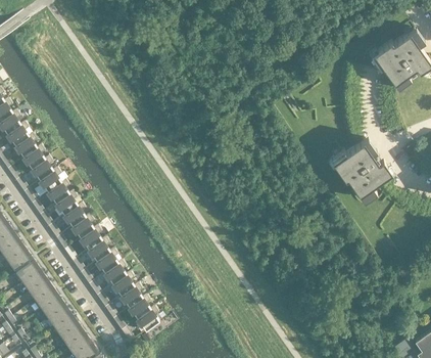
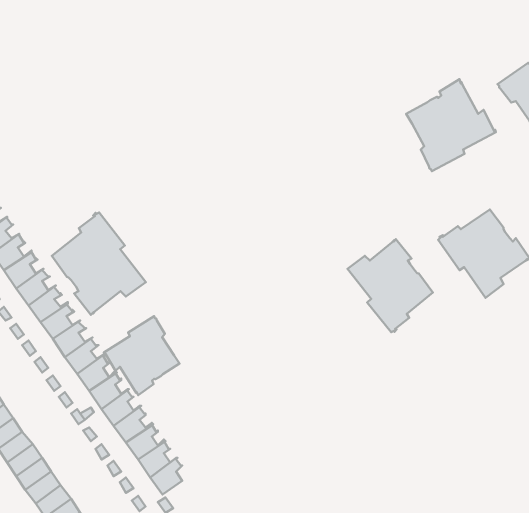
building: none -> [406,79,496,171]
building: none -> [52,212,146,315]
building: none -> [347,239,433,332]
building: none -> [104,316,180,395]

